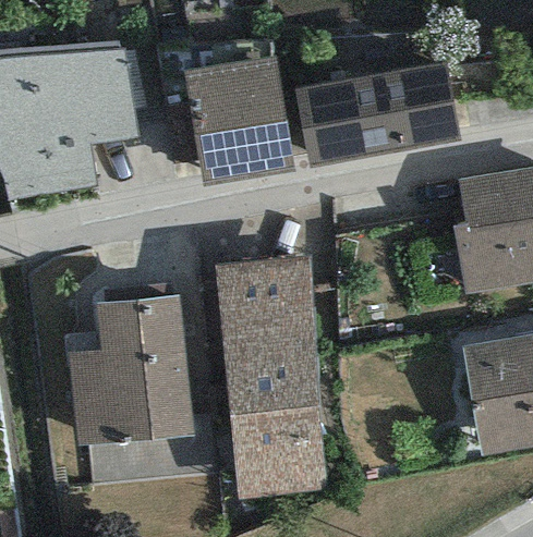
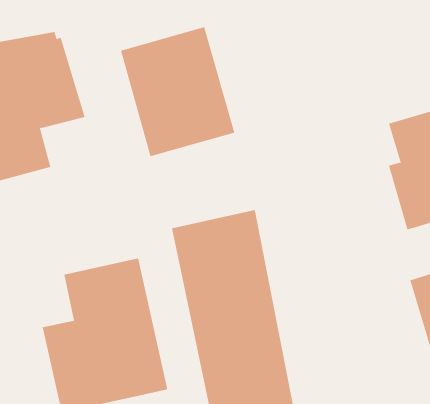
building: [293,62,459,168] -> none

